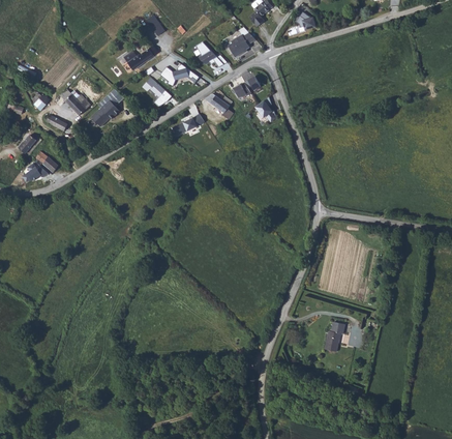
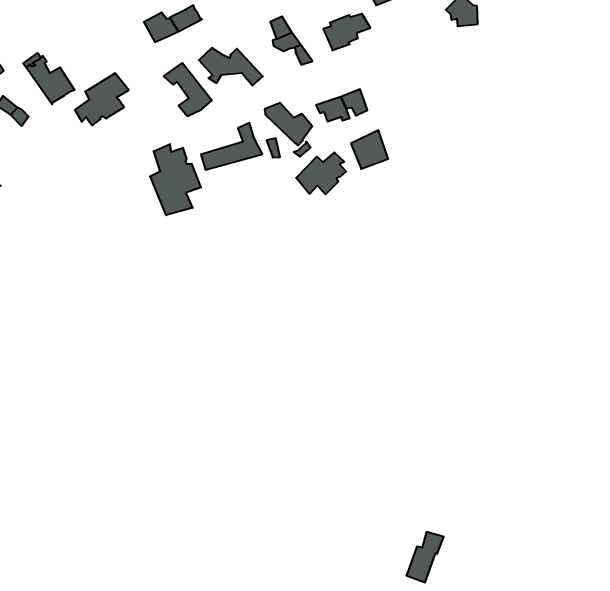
building: none -> [296,152,346,194]
building: none -> [150,144,201,215]

